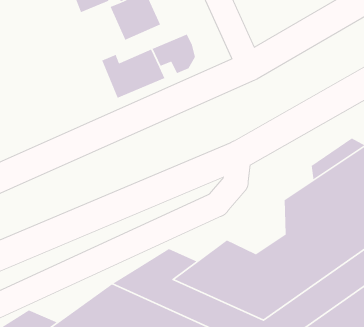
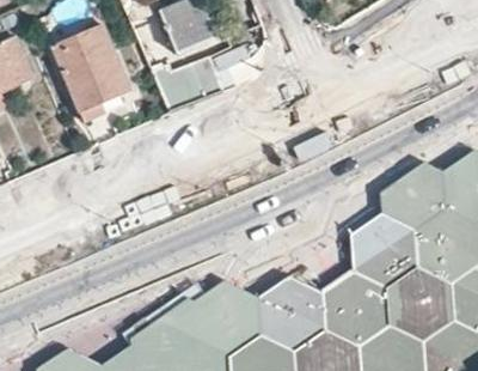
building: none -> [54,26,131,123]

